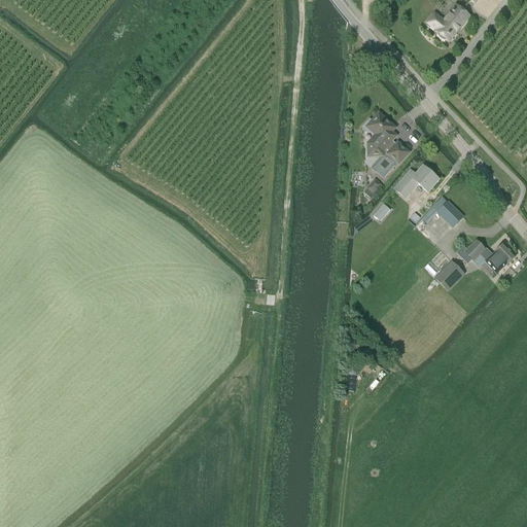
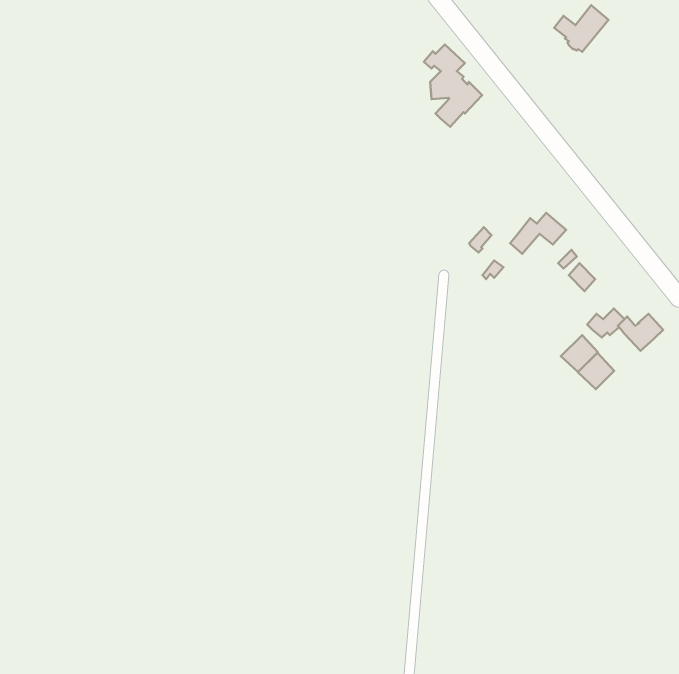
building: [363,112,409,176] -> [424,44,482,127]
building: none -> [578,353,614,389]

